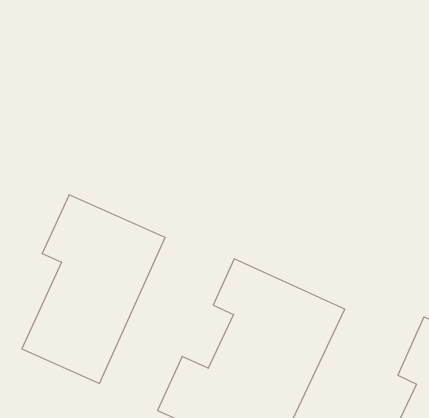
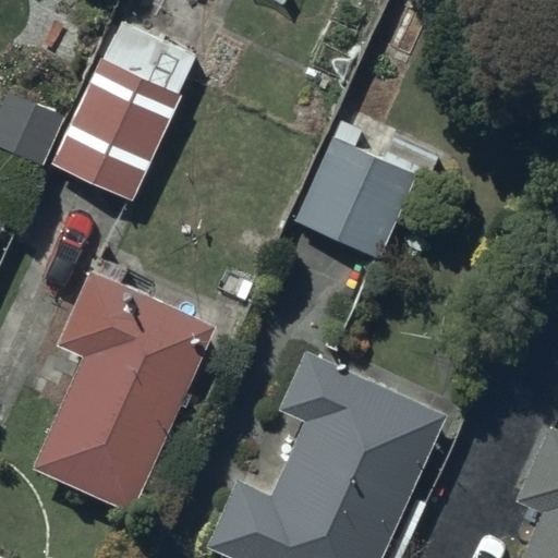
building: none -> [52,22,199,203]
building: none -> [291,136,420,265]

